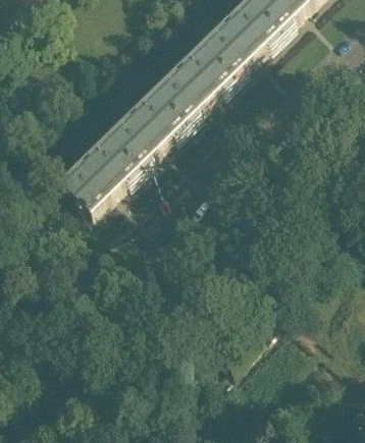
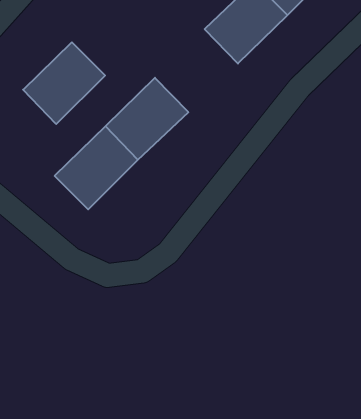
building: [153,43,231,121] -> none
building: none -> [23,42,105,124]

